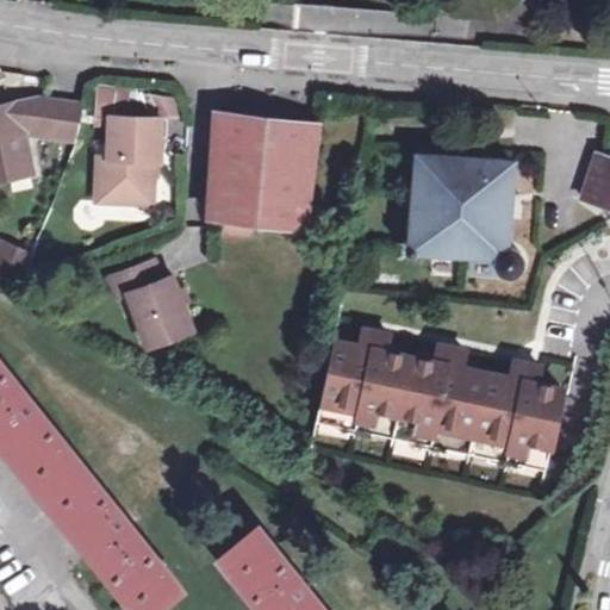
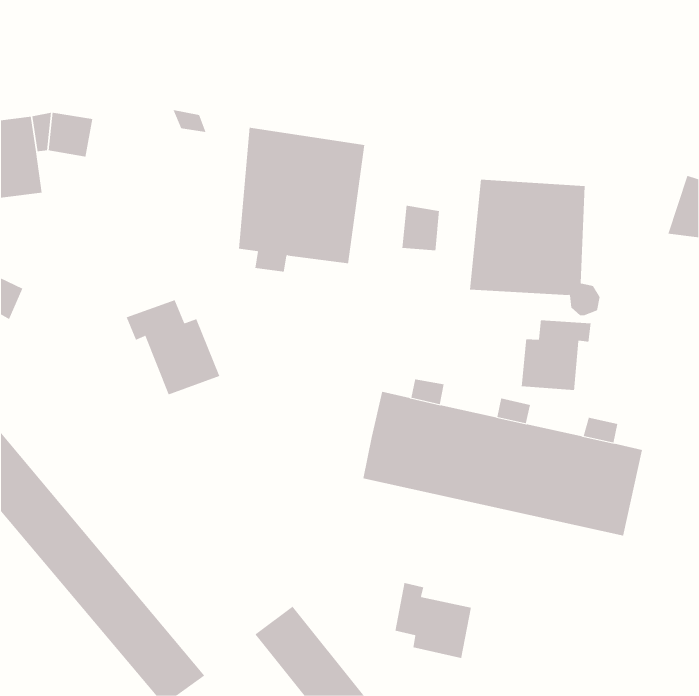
building: [97,86,163,203] -> none
building: none -> [402,205,440,251]
building: none -> [521,319,591,391]
building: none -> [395,582,472,659]

